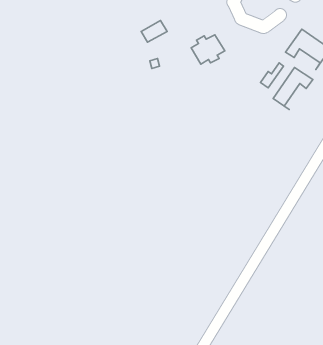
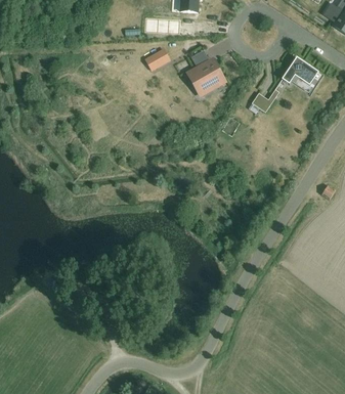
building: [273,67,313,110] -> none

